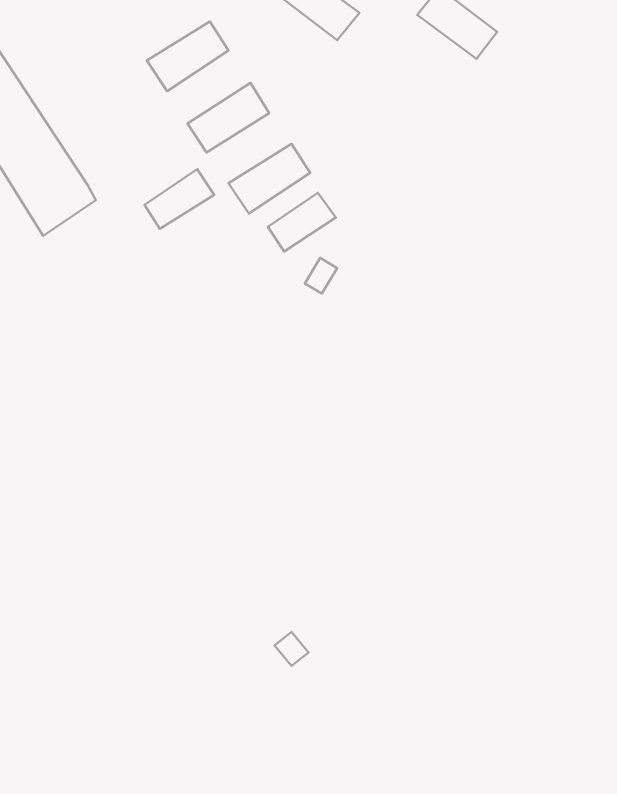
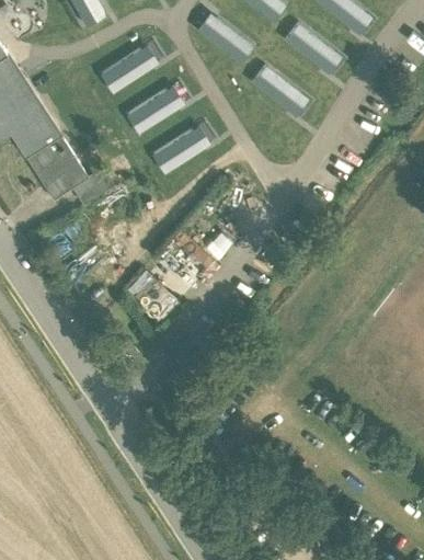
building: none -> [249,64,301,110]
building: [145,169,214,229] -> [42,159,87,197]
building: [268,193,336,251] -> none

